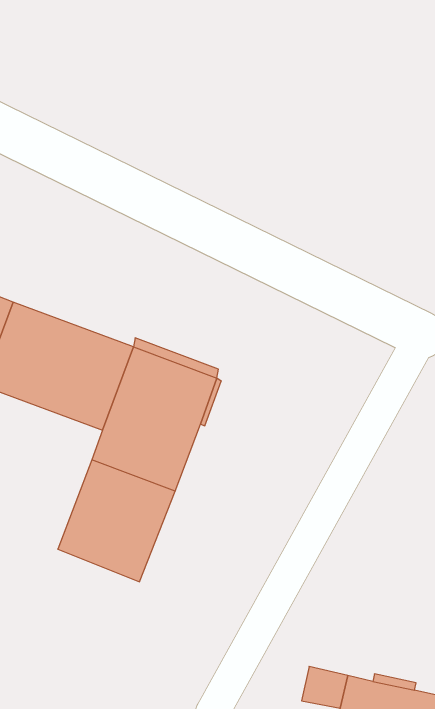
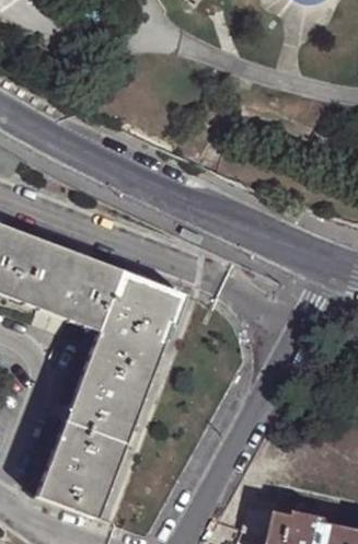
building: none -> [35,418,126,519]

